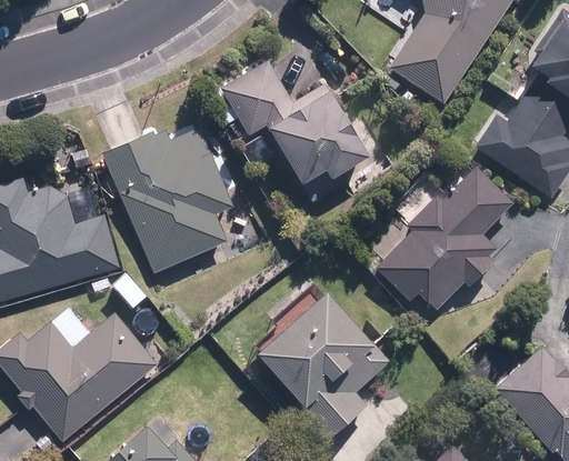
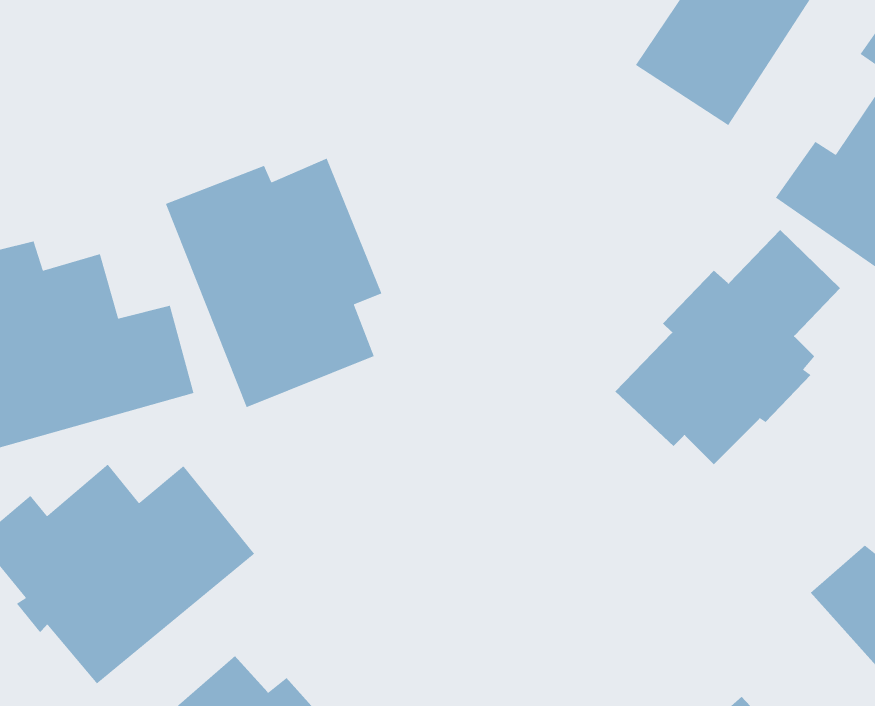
building: [218,57,369,186] -> none
building: [254,289,390,442] -> none

